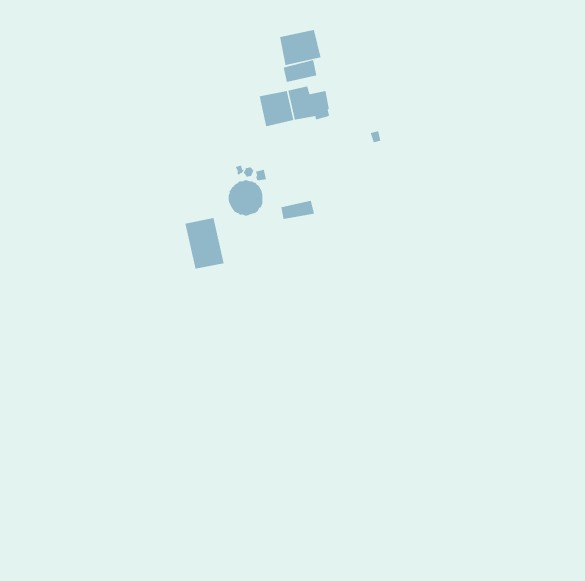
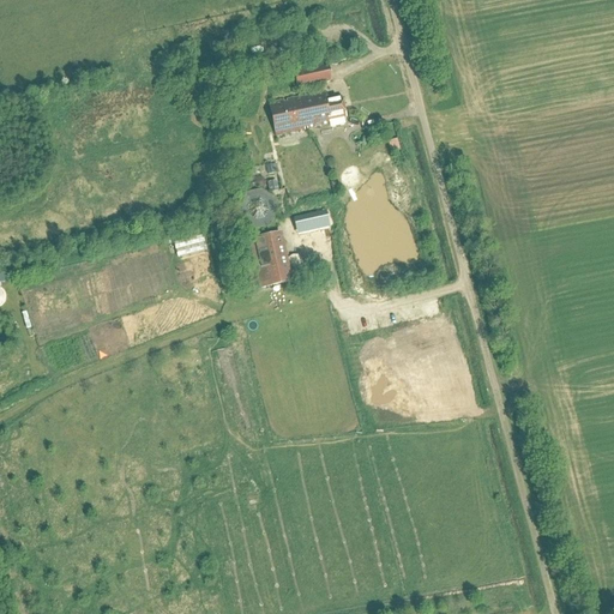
building: [279,29,321,66] -> none
building: [184,218,224,269] -> [249,231,291,285]

